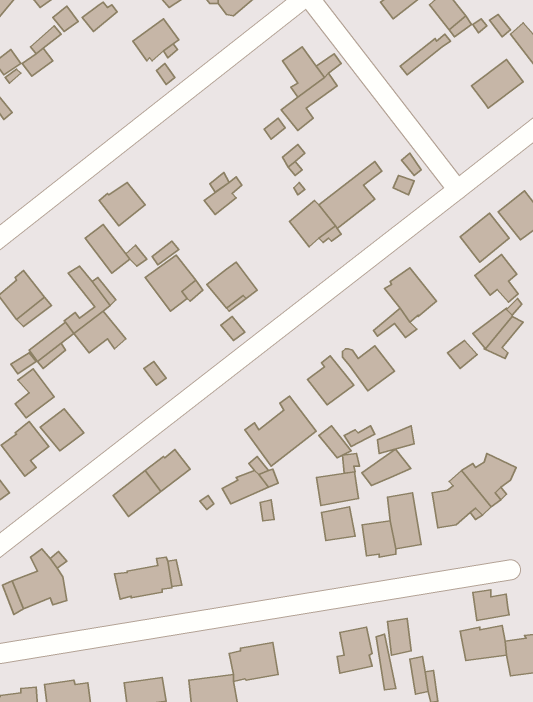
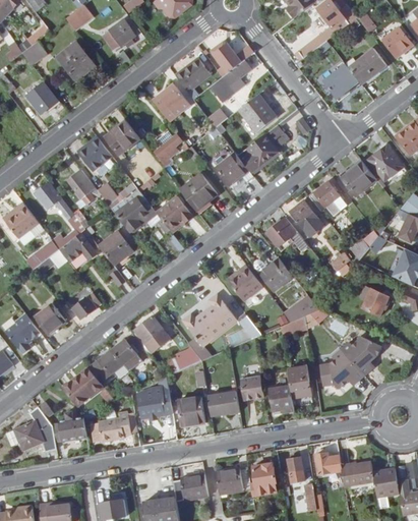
building: none -> [58,41,96,80]
building: none -> [176,58,211,92]
building: none -> [323,64,359,99]
building: none -> [27,81,59,113]
building: none -> [153,85,189,121]
building: none -> [239,93,277,131]
building: none -> [106,120,140,154]
building: none -> [180,172,218,211]
building: none -> [35,181,61,209]
building: [475,255,518,302] -> [309,181,341,216]
building: none -> [266,216,297,246]
building: none -> [99,230,133,264]
building: [15,369,54,418] -> [73,282,102,317]
building: none -> [362,287,389,314]
building: none -> [134,315,171,352]
building: [362,449,411,485] -> [284,295,319,322]
building: [317,472,359,505] -> [207,391,238,415]
building: none -> [65,366,114,406]
building: none -> [138,384,171,410]
building: none -> [178,396,205,425]
building: none -> [58,416,87,441]
building: [473,590,509,621] -> [315,452,342,474]
building: none -> [217,468,252,495]

